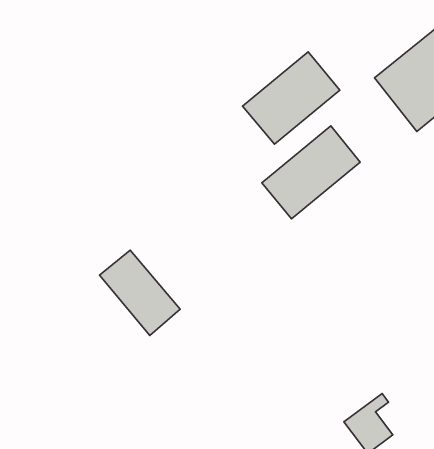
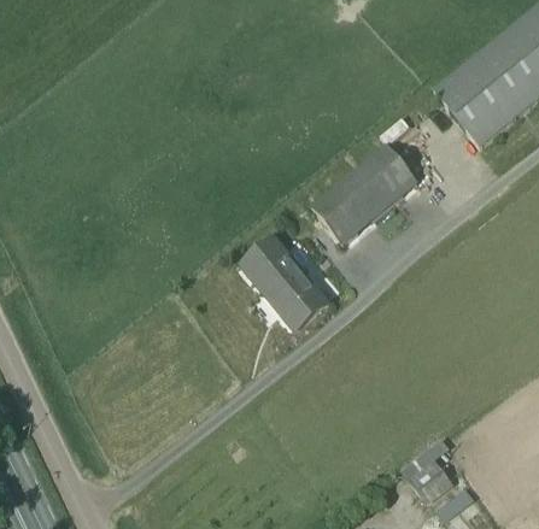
building: [243,52,340,144] -> none
building: [99,250,180,335] -> [239,236,328,330]

